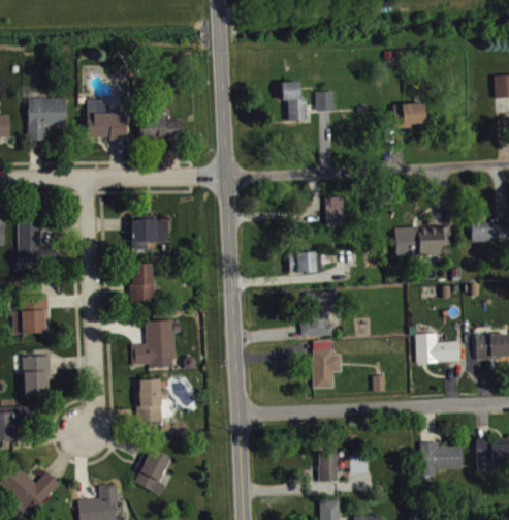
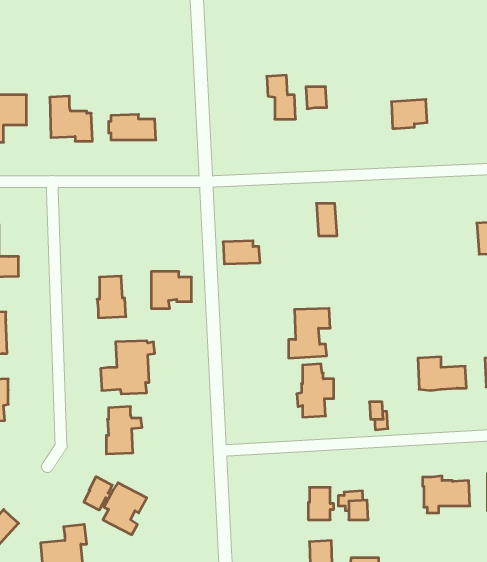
building: [131,216,167,249] -> [151,272,192,308]
building: [395,227,451,256] -> none
building: [288,252,321,273] -> [223,241,260,264]
building: none -> [84,477,112,510]

